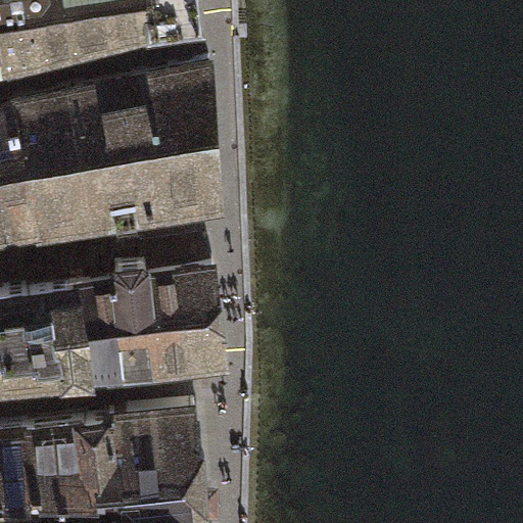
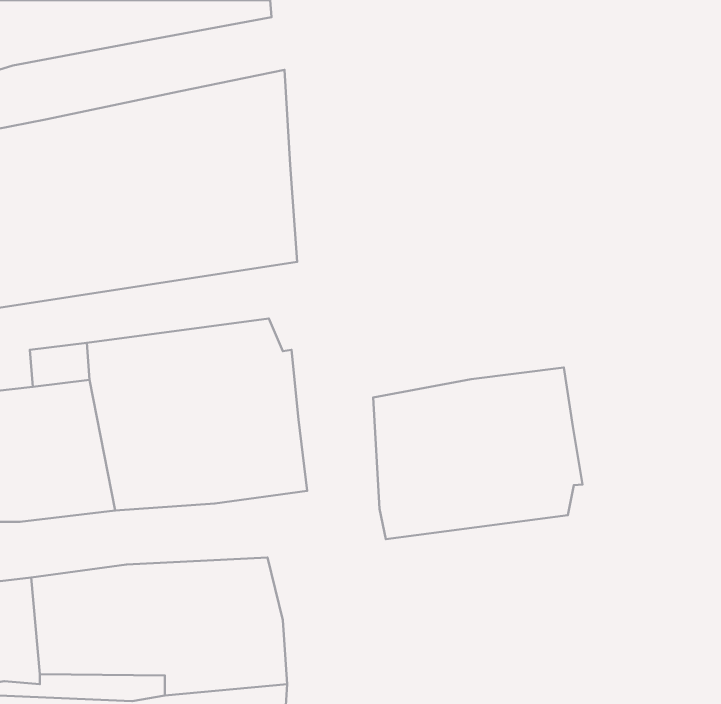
building: none -> [373,367,583,539]

